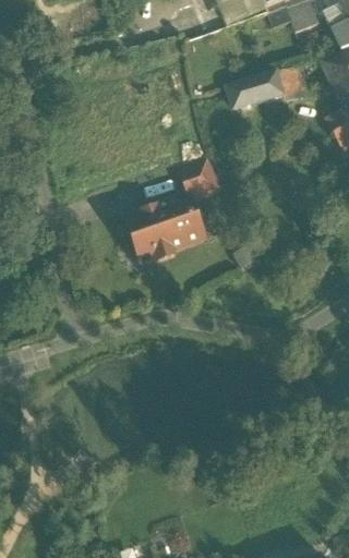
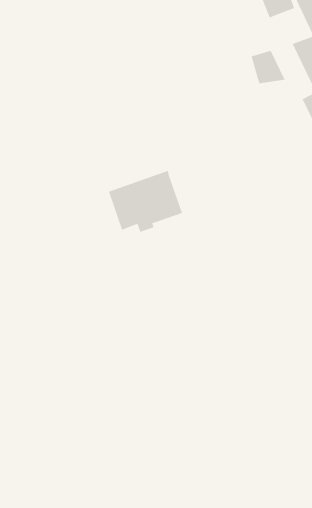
building: [228,73,284,111] -> none
building: [181,161,222,199] -> none

